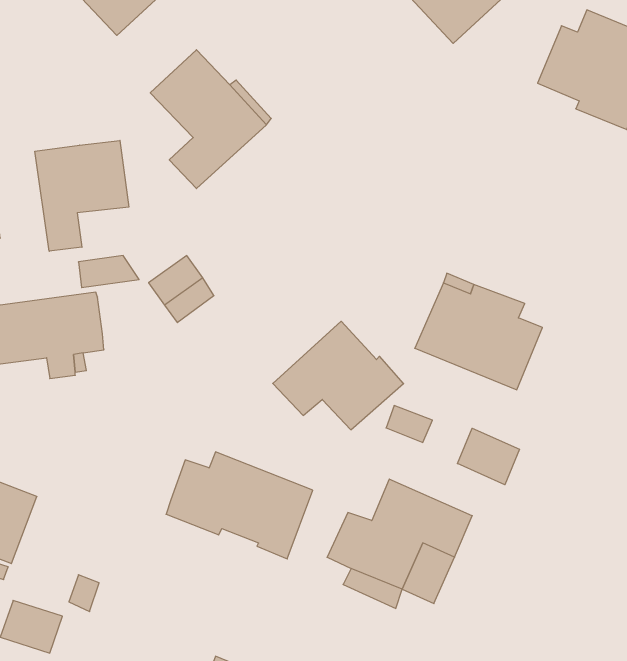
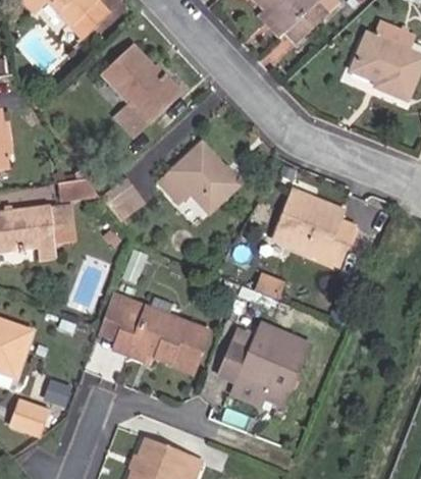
building: [35,140,129,251] -> none
building: [273,321,404,430] -> [159,143,243,212]
building: [457,428,520,485] -> none
building: none -> [100,292,146,334]

